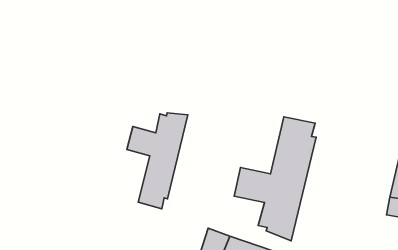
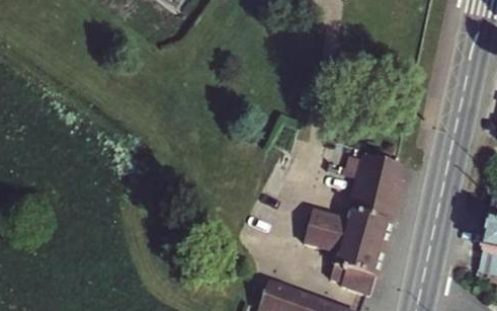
building: [127,113,188,209] -> none

